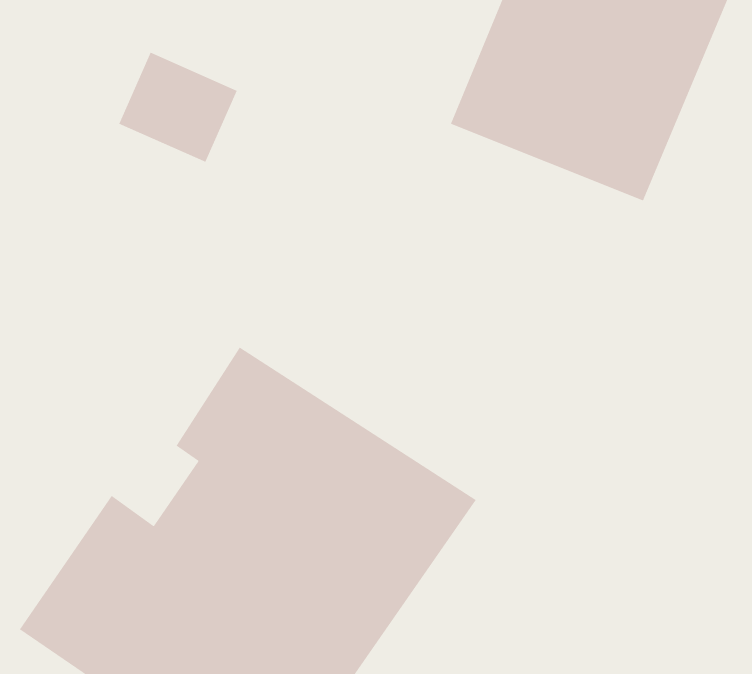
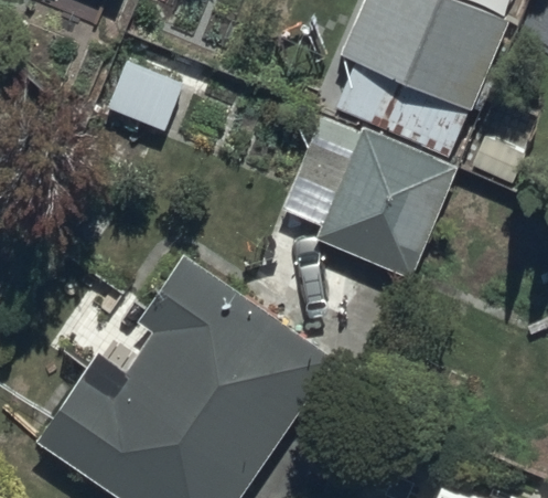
building: none -> [280,108,459,276]

